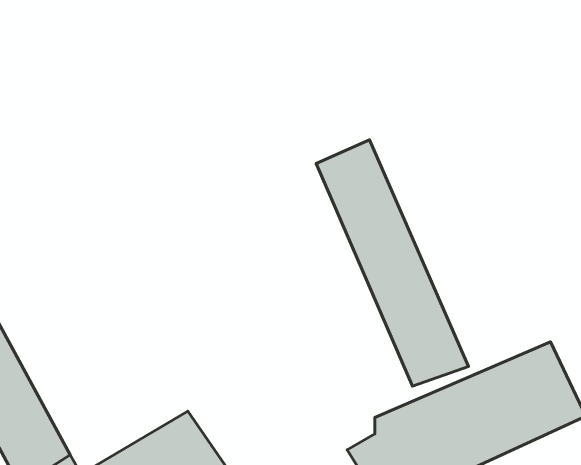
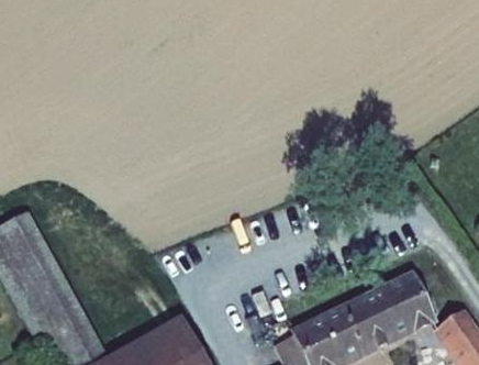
building: [316,140,468,386] -> none

